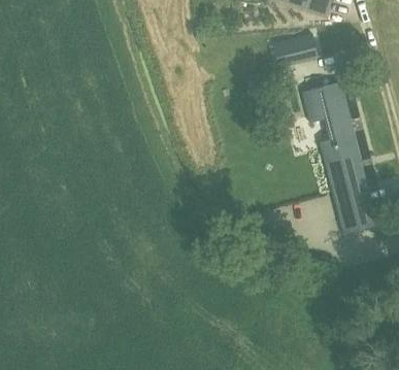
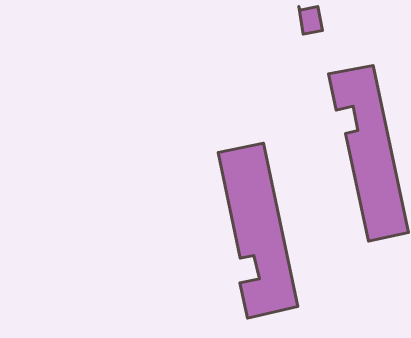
building: none -> [218,143,298,318]

